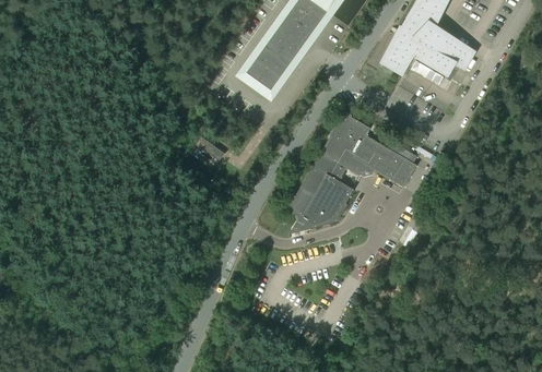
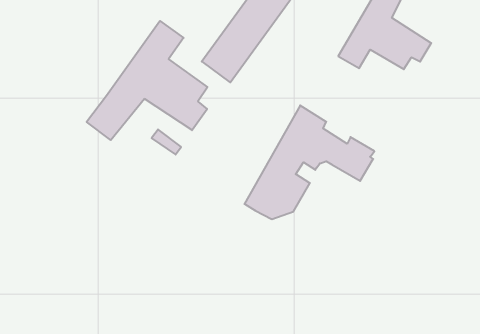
building: none -> [87,21,207,140]

